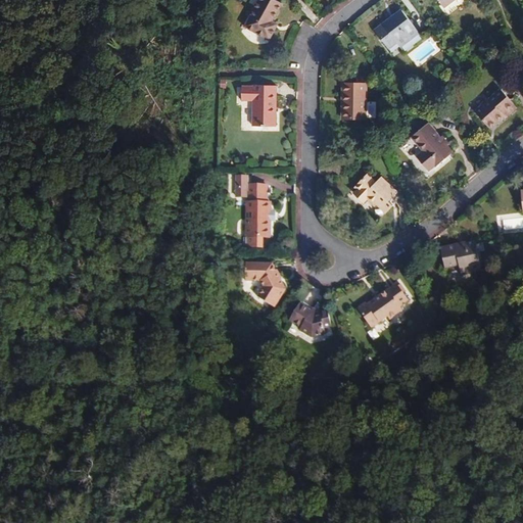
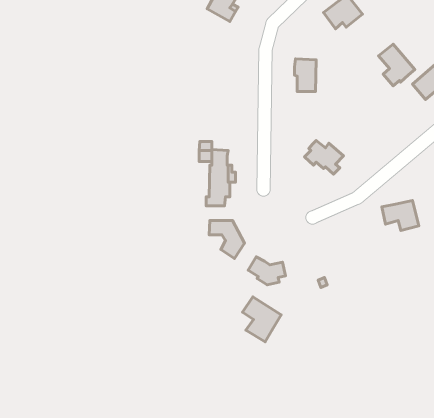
building: [240,84,276,126] -> none
building: [411,123,451,170] -> [379,44,415,86]
building: [356,283,408,327] -> none
building: none -> [242,297,281,342]

